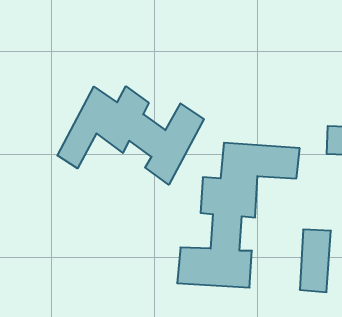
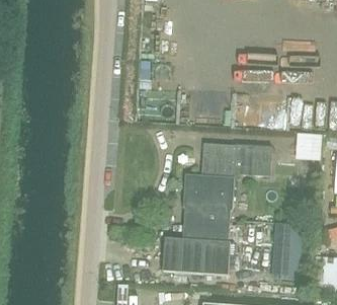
building: [57,86,204,185] -> none

